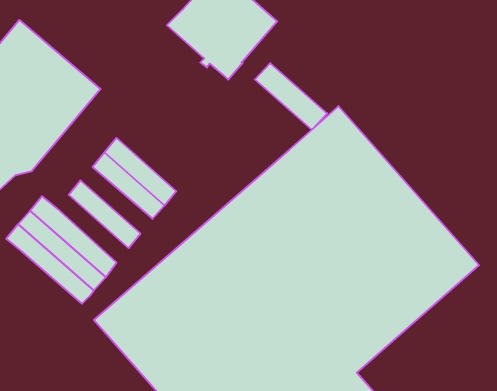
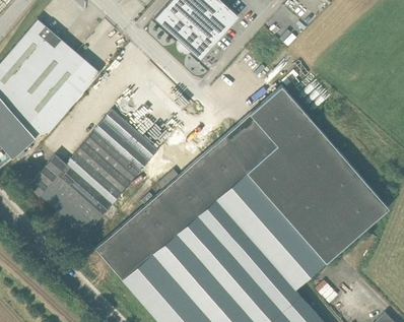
building: [255,63,327,130] -> none
building: none -> [84,131,139,182]
building: none -> [66,152,121,204]

